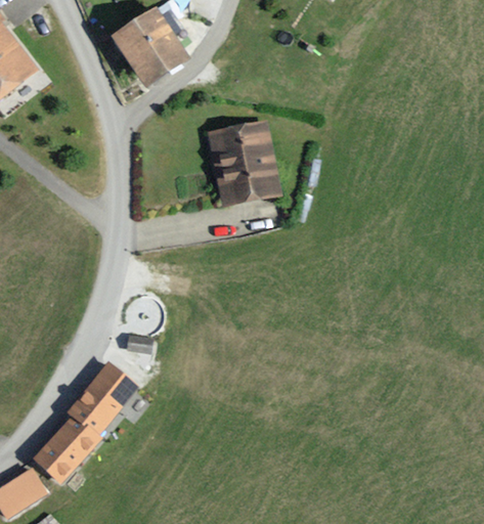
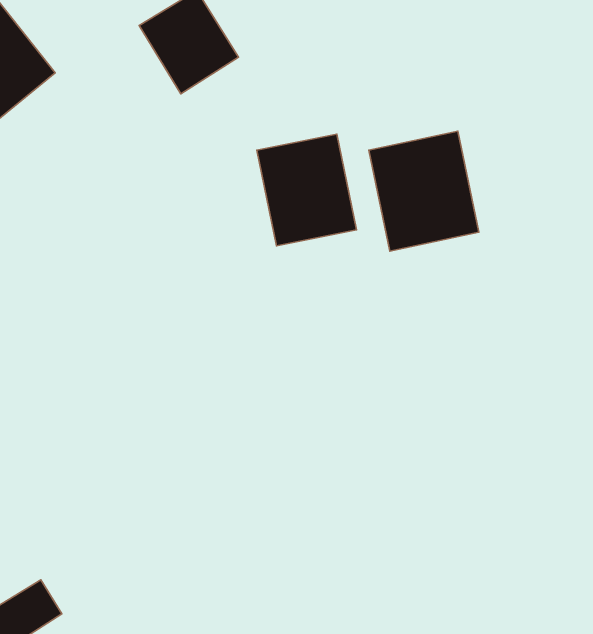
building: none -> [369,131,479,251]
building: [27,358,136,479] -> none

